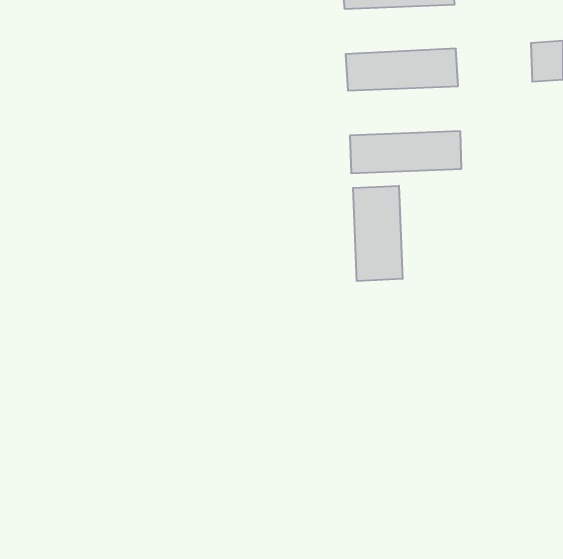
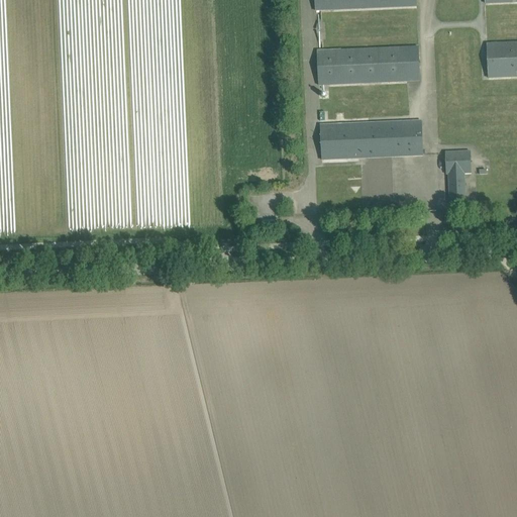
building: none -> [445,147,470,201]
building: [353,186,403,281] -> none

